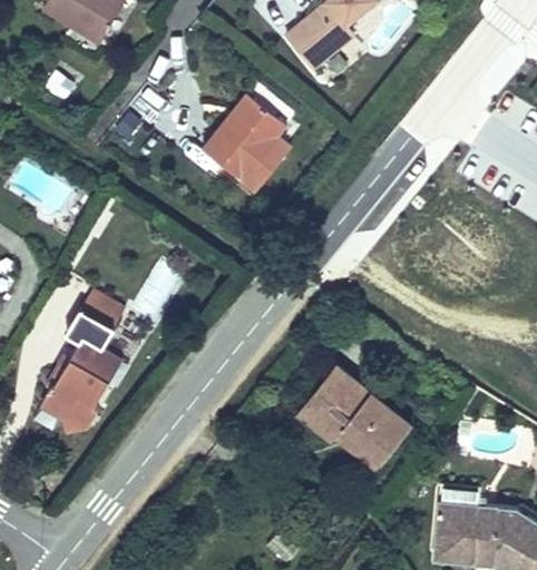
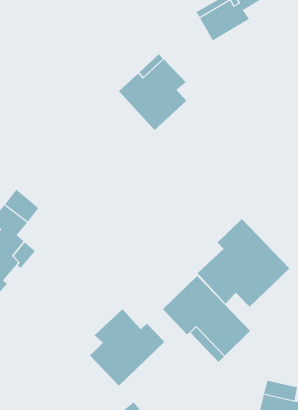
building: none -> [197,218,290,307]
building: none -> [89,308,165,387]

